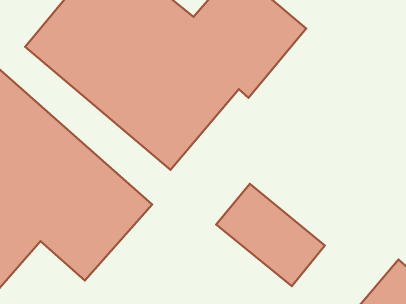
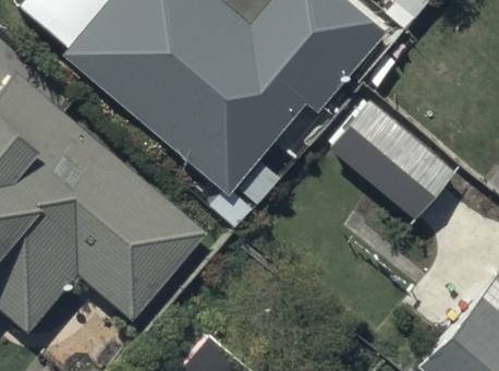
building: [216,184,325,286] -> [333,104,457,219]

